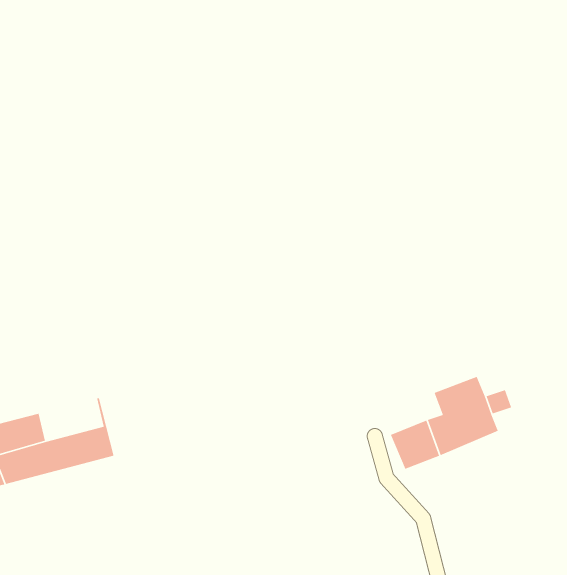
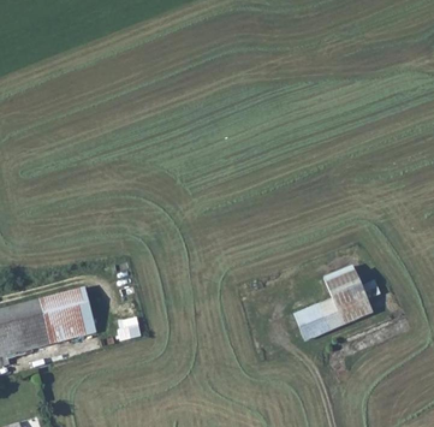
building: none -> [40,287,85,319]

